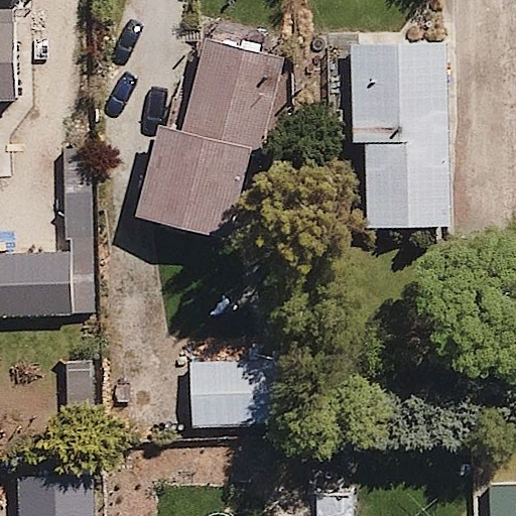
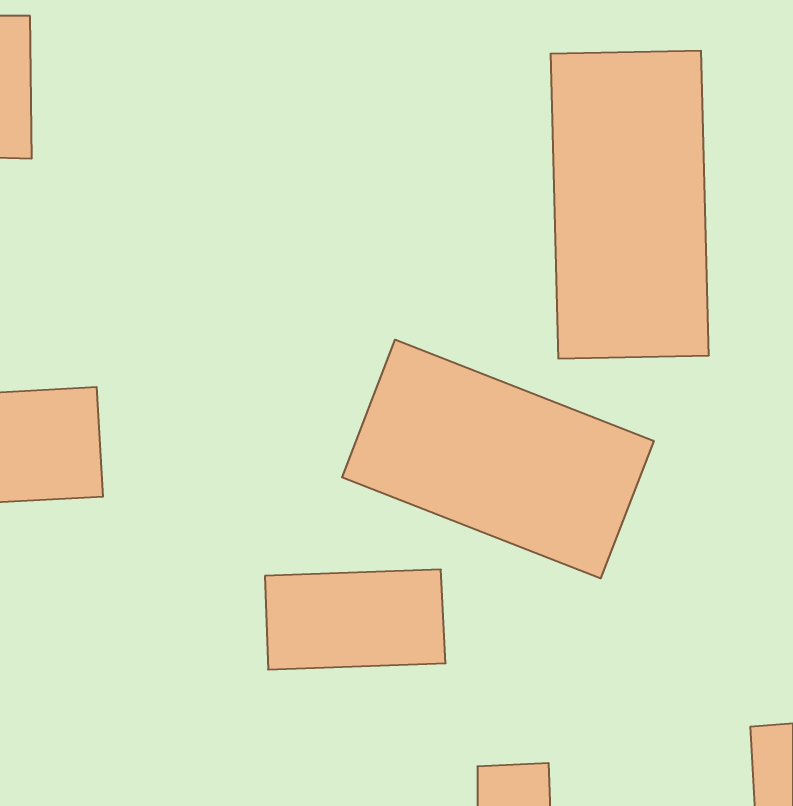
building: [134,21,295,248] -> none
building: none -> [342,340,654,578]

